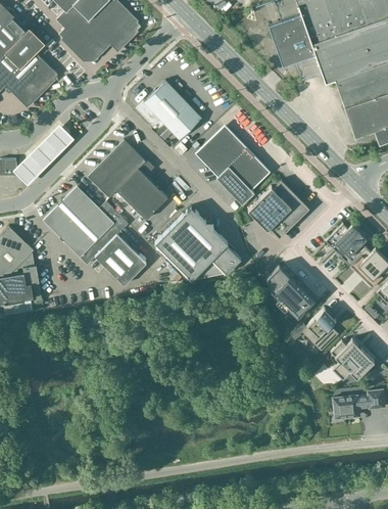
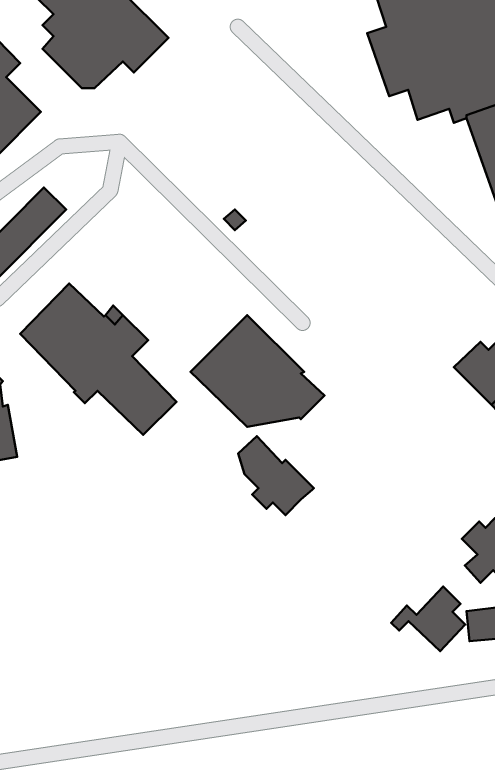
building: [143,81,201,139] -> none
building: [198,128,268,204] -> none
building: [88,140,167,220] -> none
building: [247,180,305,239] -> none
building: [266,266,316,317] -> [238,436,314,515]
building: [290,310,338,352] -> [391,587,465,651]

